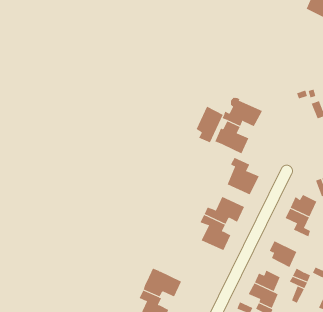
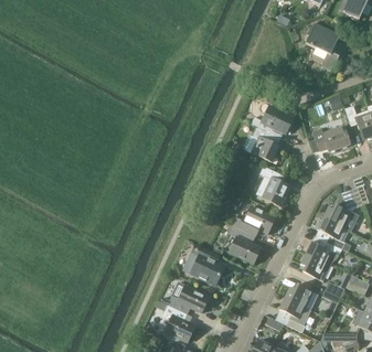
building: none -> [305,23,340,71]
building: [196,106,223,143] -> none
building: none -> [313,126,350,152]
building: none -> [306,242,342,265]
building: none -> [184,244,224,285]

